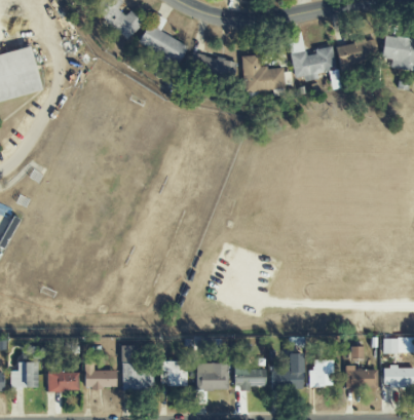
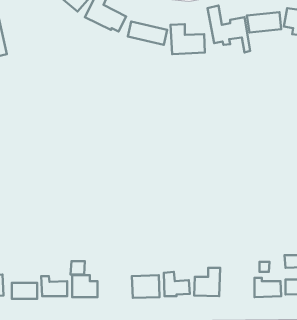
building: [308,359,333,386] -> none
building: [160,360,187,385] -> none

